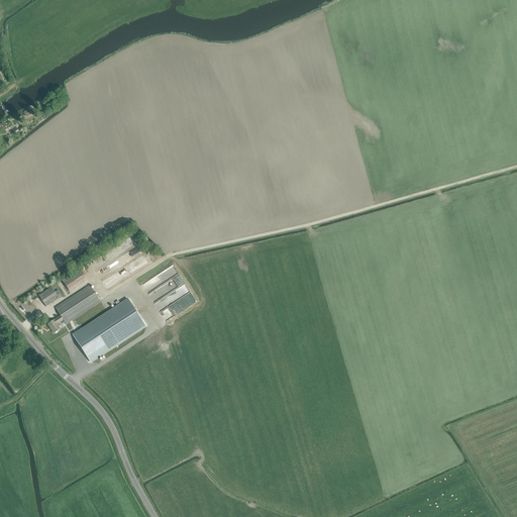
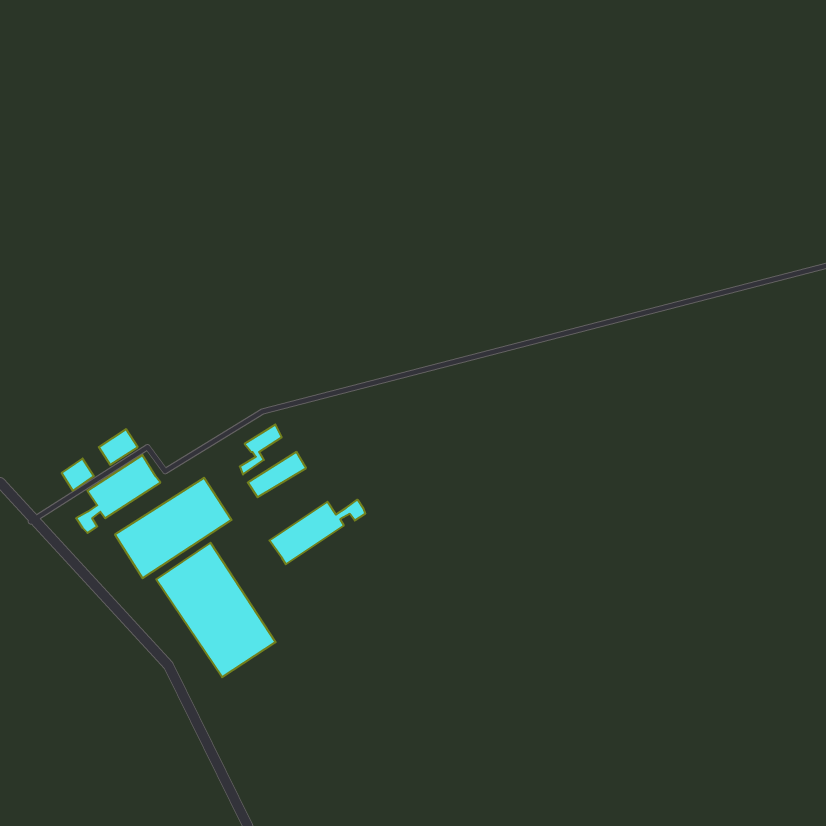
building: none -> [269,500,365,564]
building: none -> [156,543,276,677]

